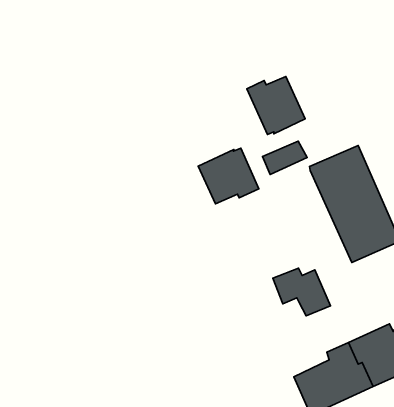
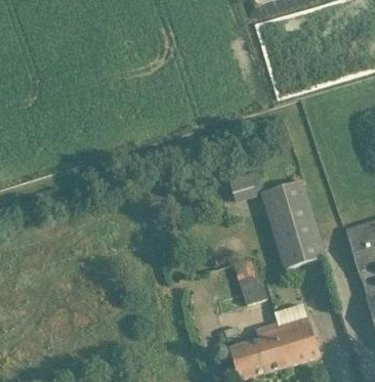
building: [247,76,305,134] -> none
building: [198,148,259,204] -> none

